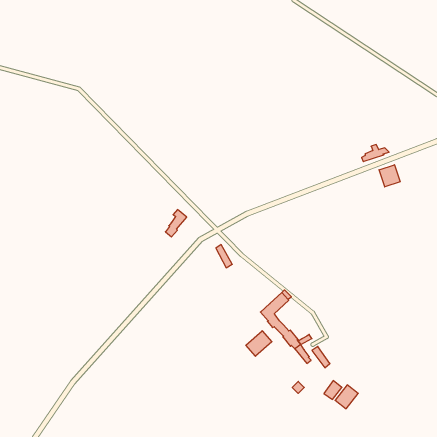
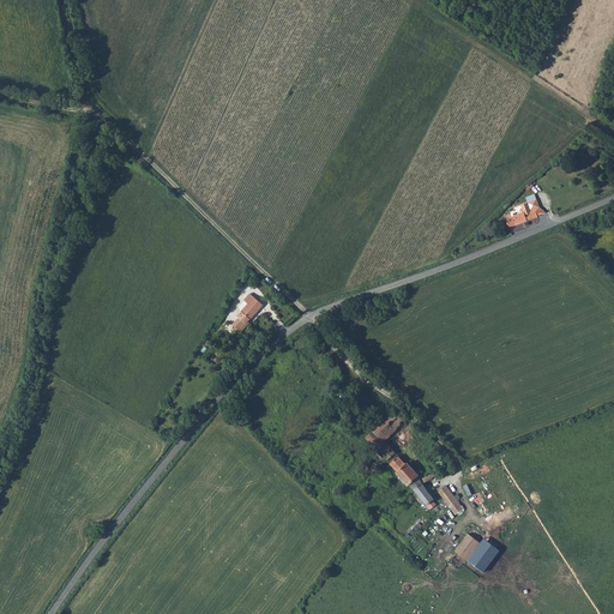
building: [379,165,400,187] -> none
building: [246,331,272,356] -> none

